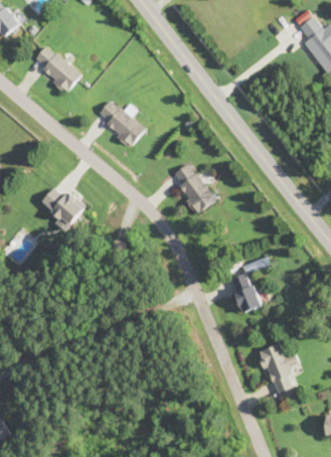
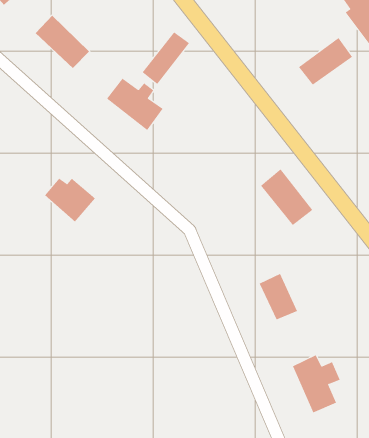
building: none -> [142,32,190,85]
building: none -> [298,37,353,86]
building: [169,163,215,213] -> [260,168,313,226]

